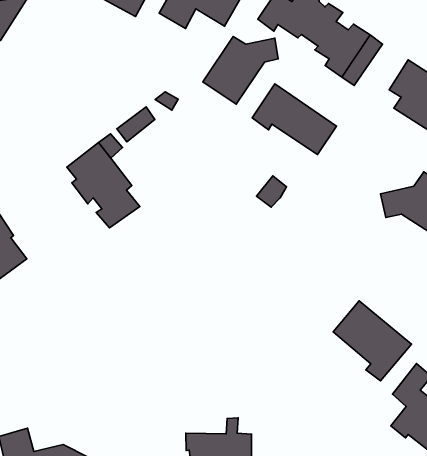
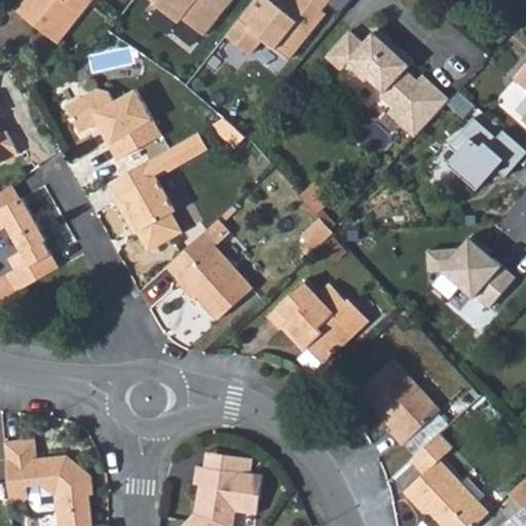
building: [203,36,278,104] -> none
building: none -> [73,91,156,162]
building: [252,84,336,155] -> none
building: none -> [165,227,251,315]
building: none -> [265,280,365,361]

